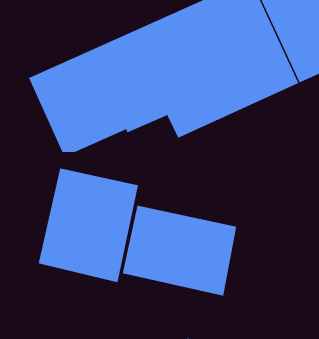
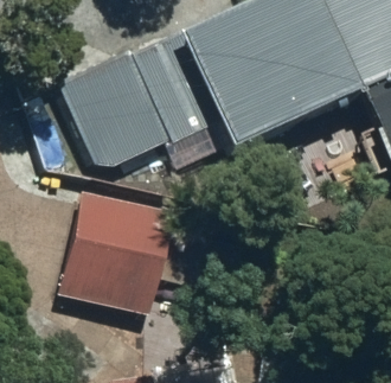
building: [122,205,237,297] -> none

